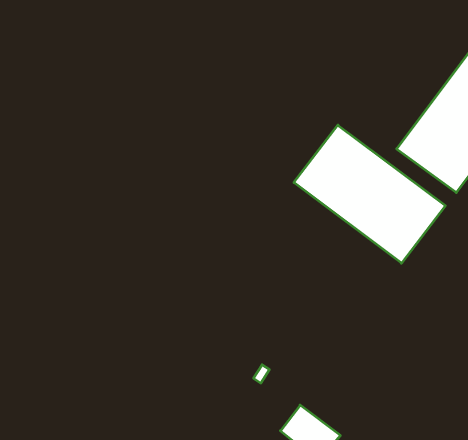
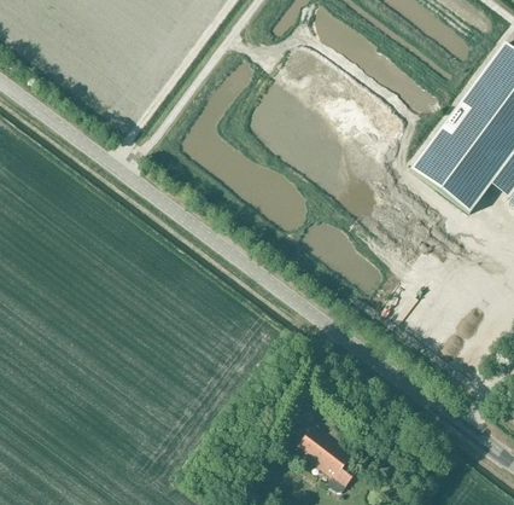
building: [294,125,445,263] -> none

